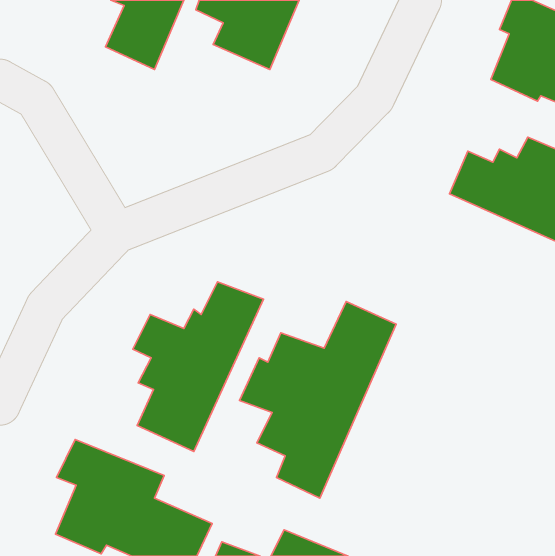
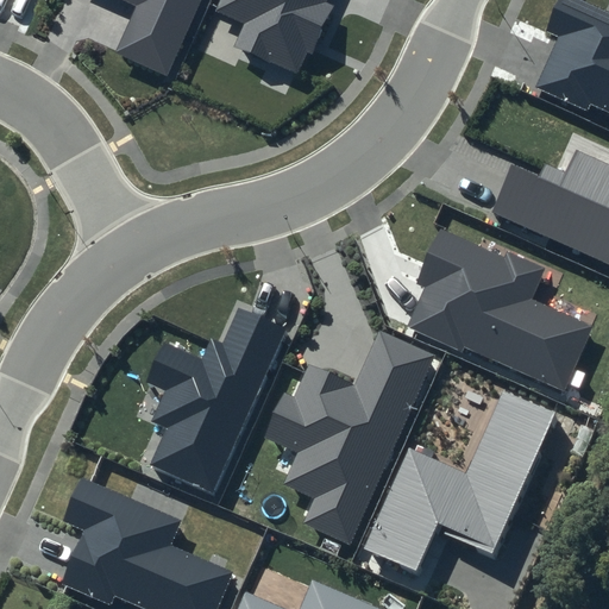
building: none -> [408,228,591,395]
building: none -> [364,389,559,573]

